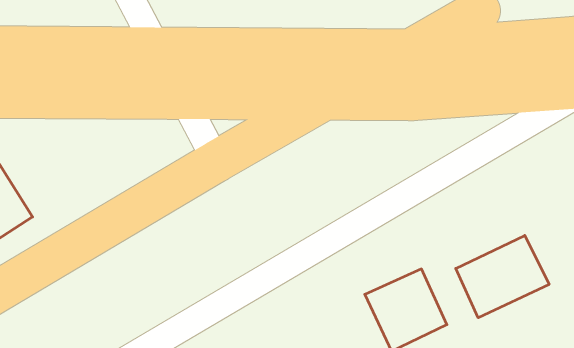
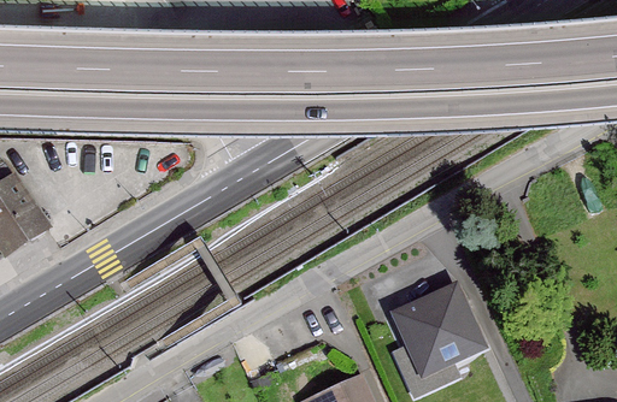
building: [456,235,549,318] -> none

